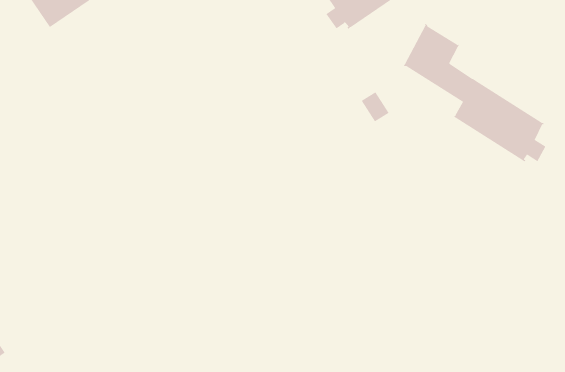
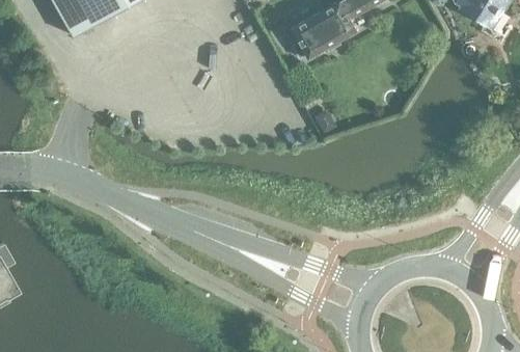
building: [403,23,546,162] -> none

